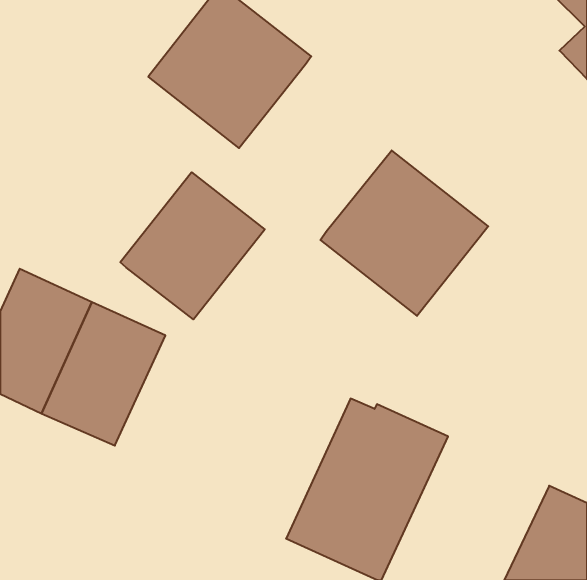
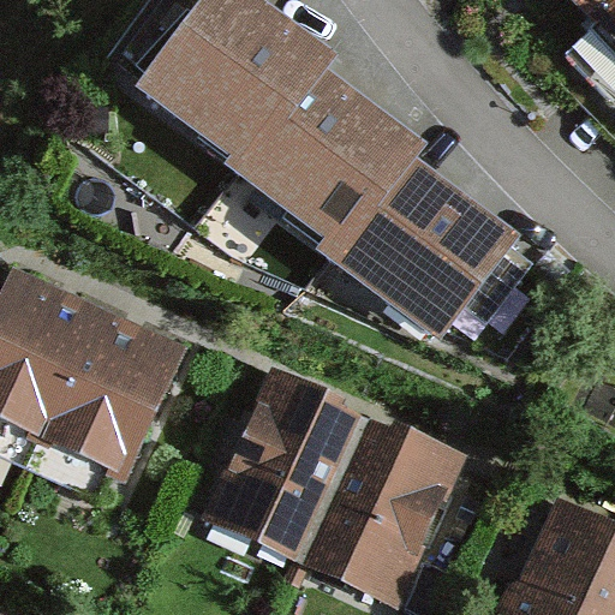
building: none -> [243,67,418,243]
building: [120,172,265,319] -> none
building: none -> [202,365,366,563]

